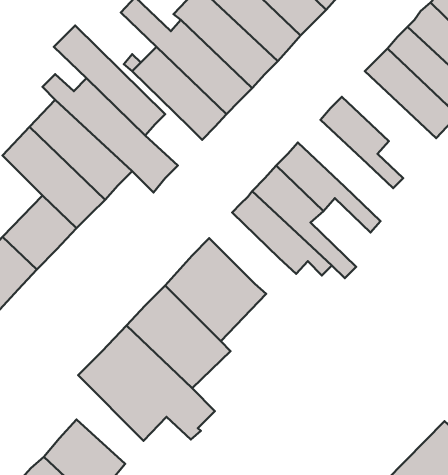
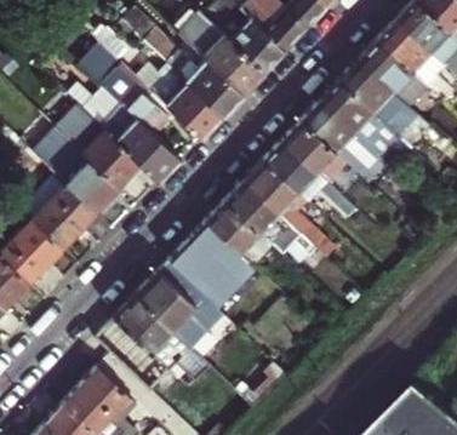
building: none -> [321,79,404,159]
building: none -> [284,120,343,177]
building: none -> [208,199,268,259]

